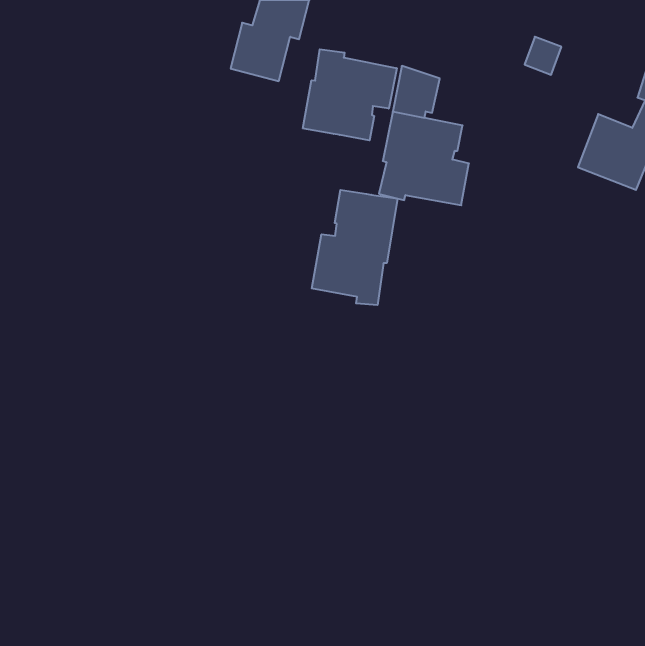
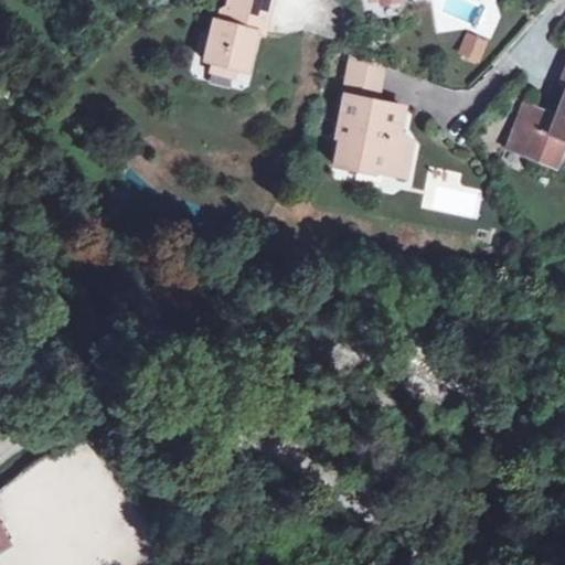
building: [303,49,397,140] -> none
building: [312,190,398,305] -> none

